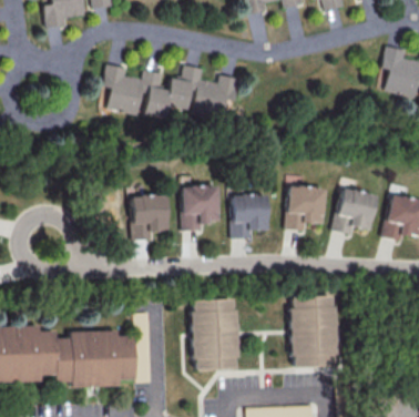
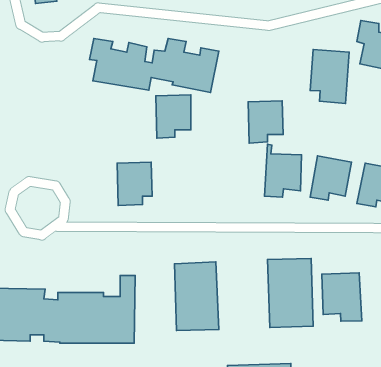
building: none -> [310,49,349,103]
building: [182,185,218,231] -> [156,95,191,138]
building: [232,194,268,238] -> [248,101,283,143]
building: none -> [322,273,362,321]

